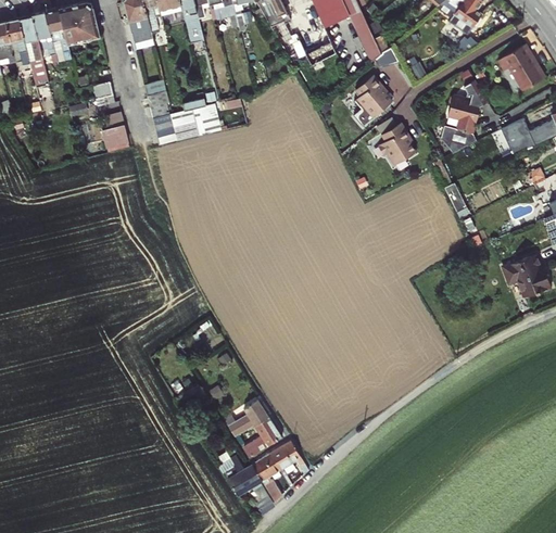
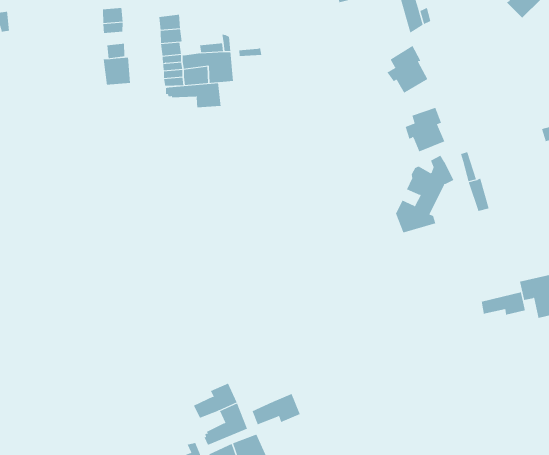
building: [440,77,488,152] -> [395,155,454,233]
building: none -> [165,83,221,108]
building: none -> [481,292,525,315]
building: none -> [252,393,300,425]

